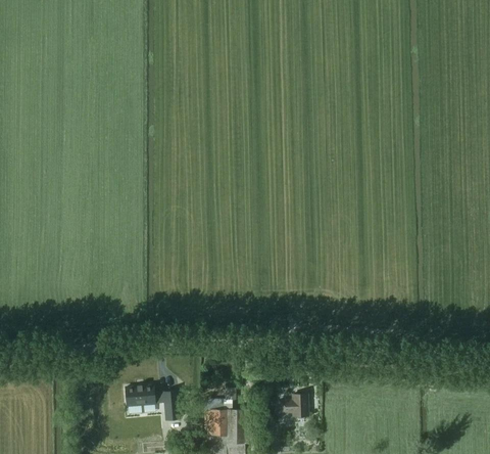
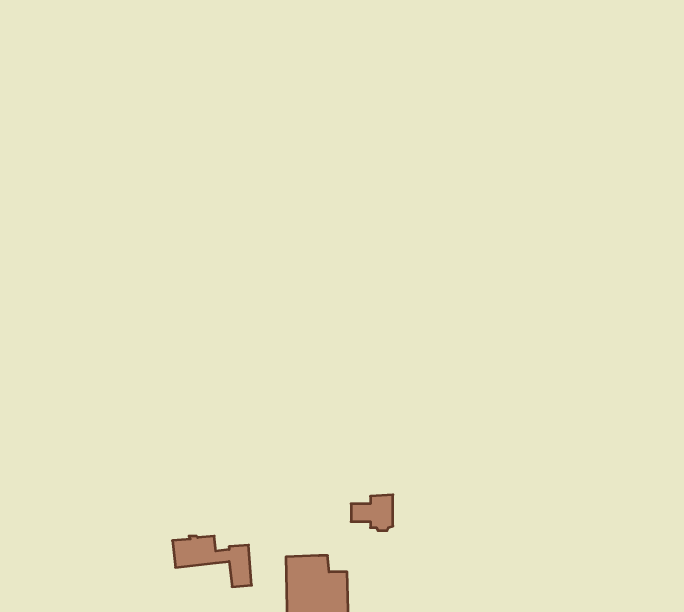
building: [279,394,307,418] -> [351,495,393,531]

